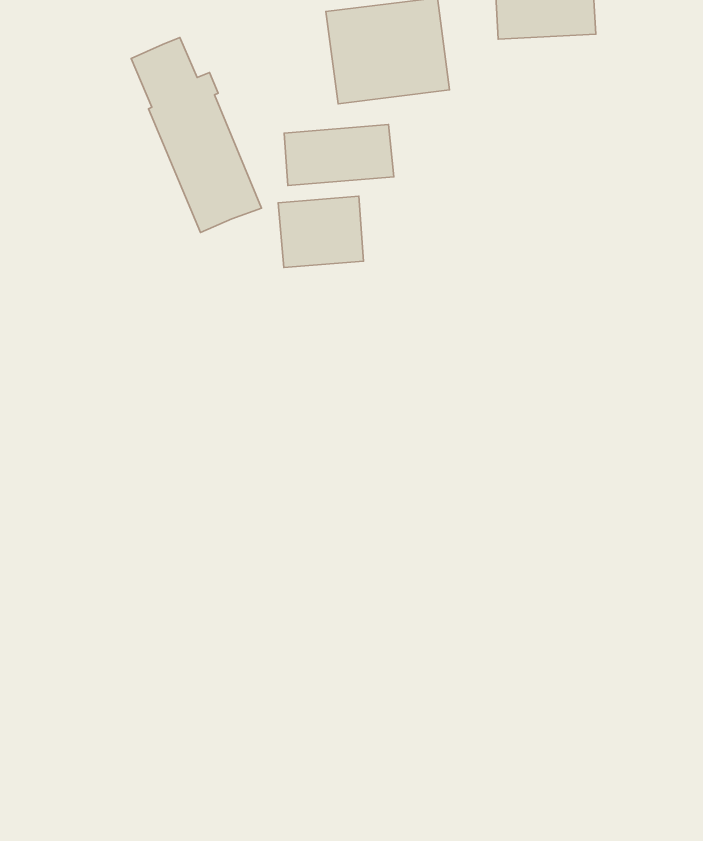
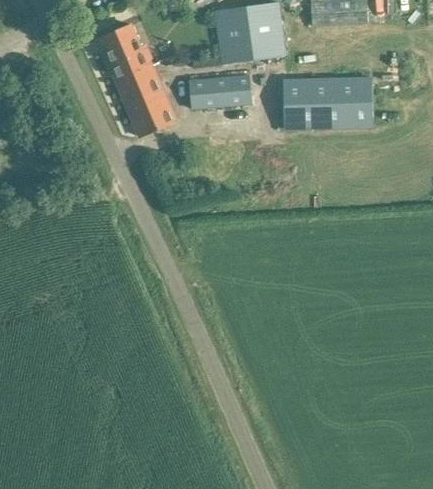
building: none -> [285,81,373,129]
building: [278,196,364,268] -> none

